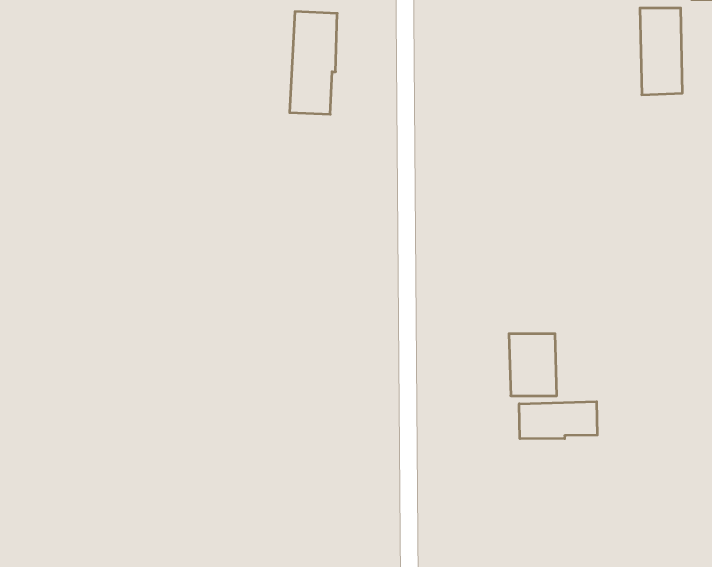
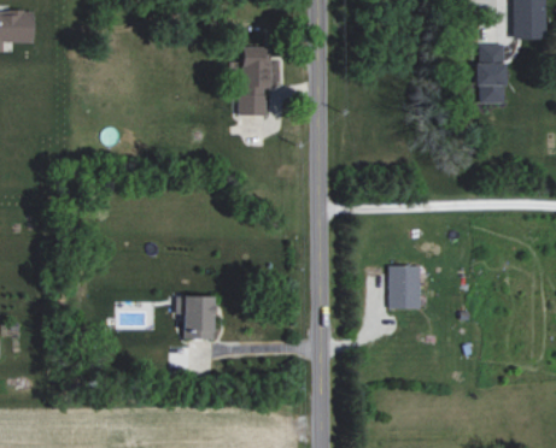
building: none -> [185,296,215,340]
building: [519,402,597,439] -> none

